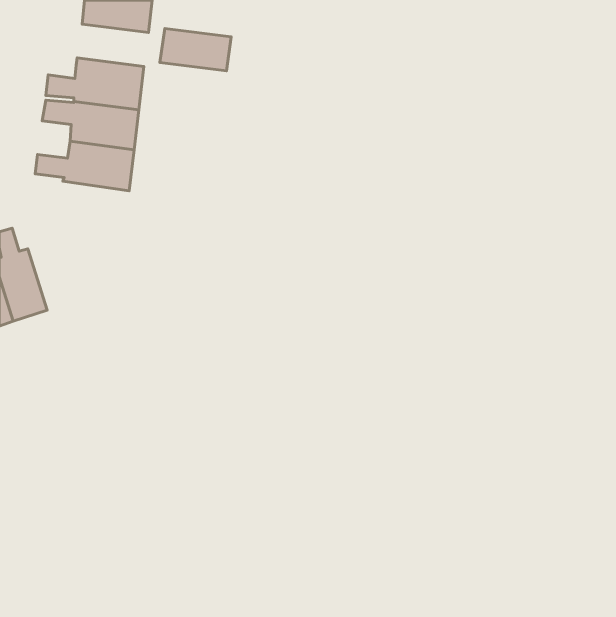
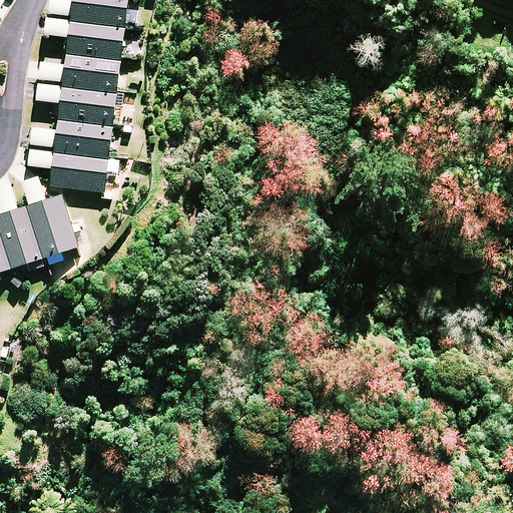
building: [160,29,231,71] -> [64,20,123,55]
building: none -> [27,149,118,191]
building: none -> [23,180,77,265]

